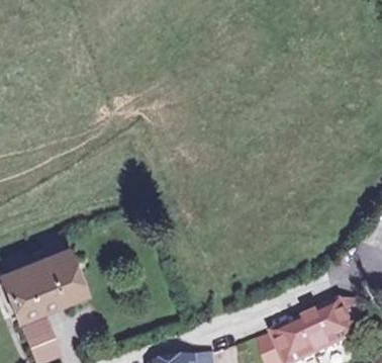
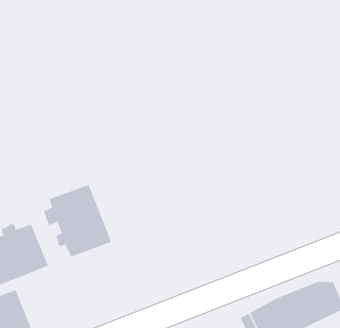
building: none -> [43,184,112,258]

